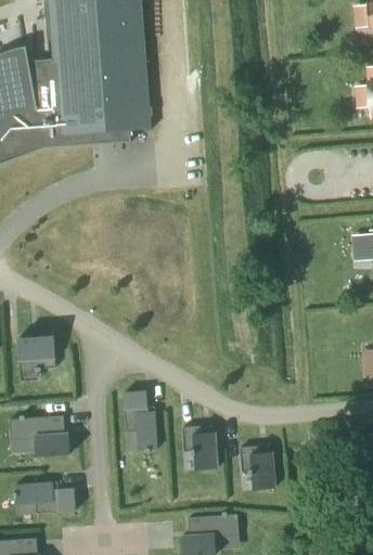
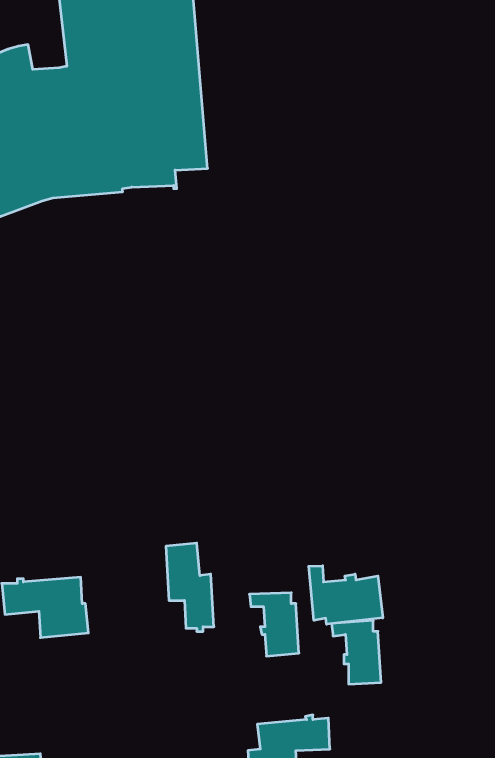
building: [16,330,54,372] -> none
building: none -> [309,566,383,624]
building: [12,481,75,513] -> none

